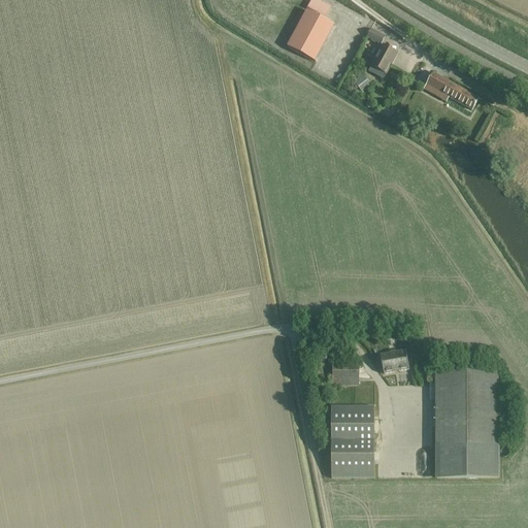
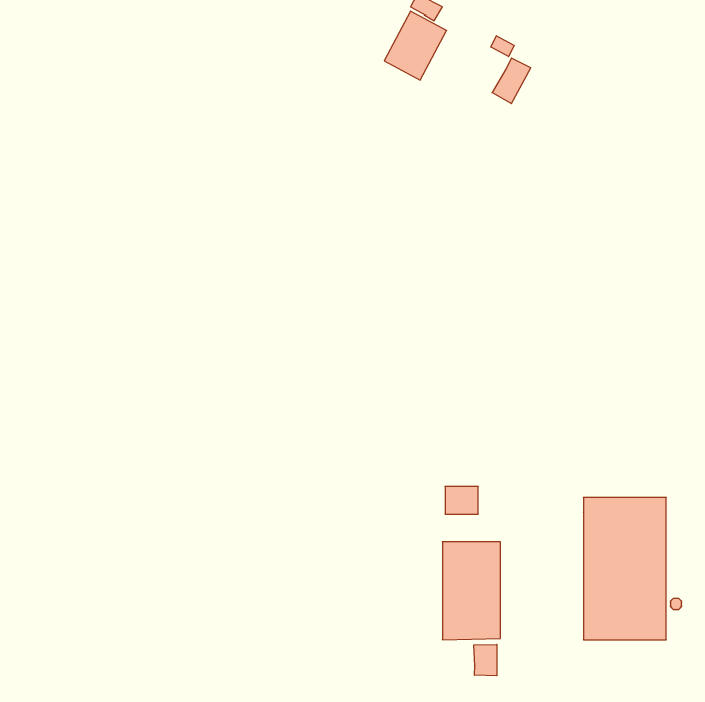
building: [424,71,477,108] -> none
building: [381,349,408,371] -> none
building: none -> [474,644,497,676]

